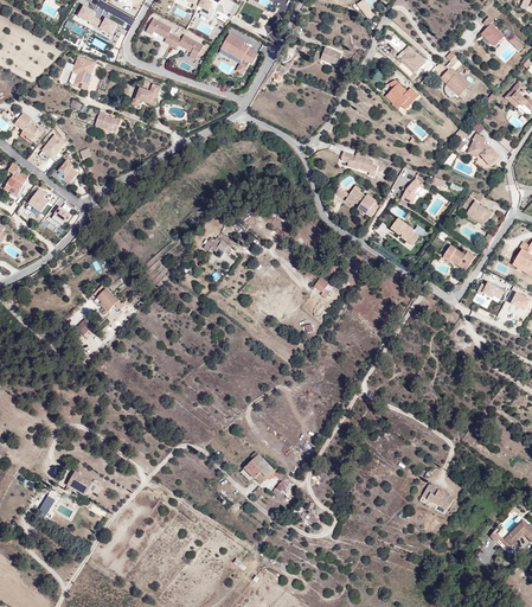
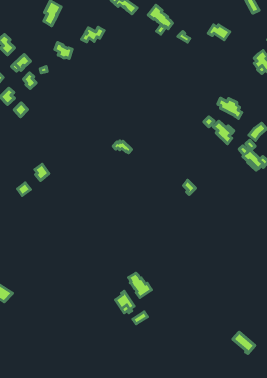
building: none -> [129,273,152,297]

